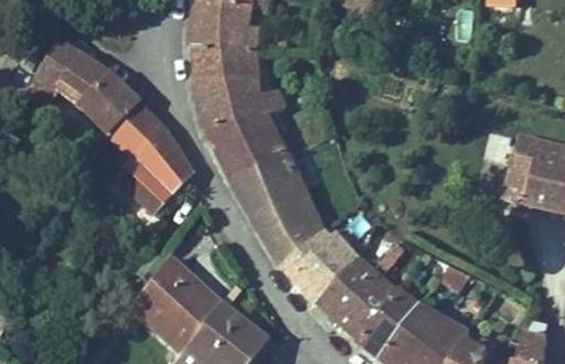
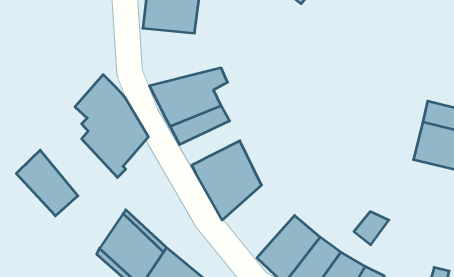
building: [38,38,141,136] -> none
building: [188,44,260,111] -> none
building: [231,152,301,204] -> none
building: none -> [16,150,78,216]
building: [280,224,365,312] -> none

